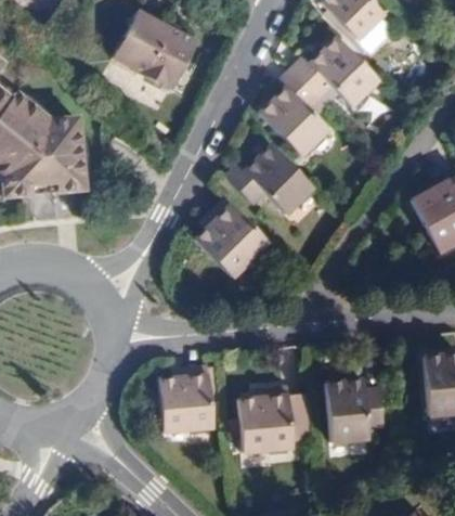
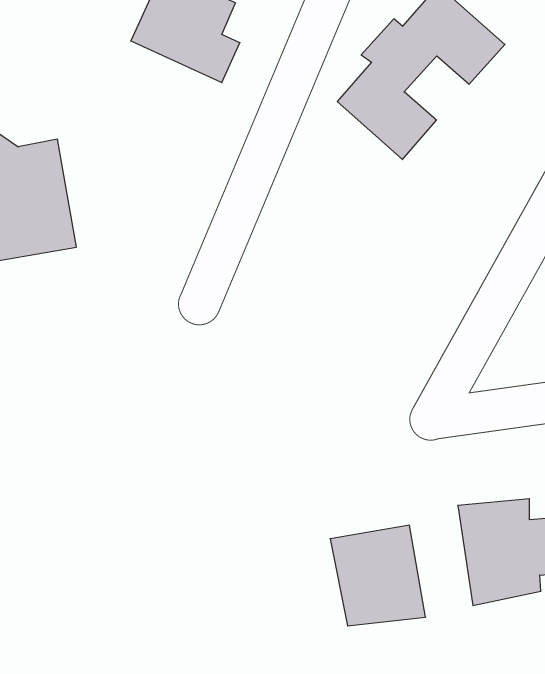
building: [229,142,316,212] -> none
building: [199,196,271,275] -> none
building: [156,377,216,440] -> none

